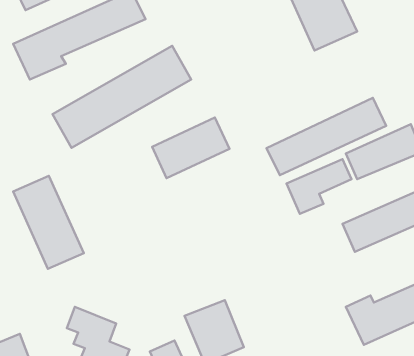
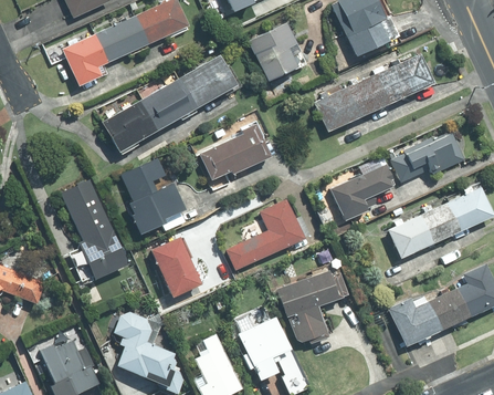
building: none -> [250,22,307,82]
building: [266,98,386,175] -> [314,54,432,131]
building: none -> [120,163,191,239]
building: none -> [225,199,303,269]
building: none -> [149,239,199,298]
building: none -> [276,267,343,345]

